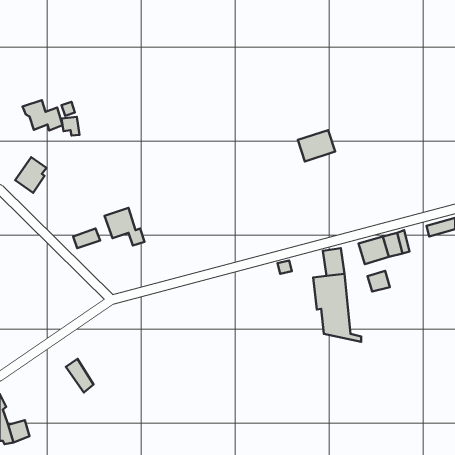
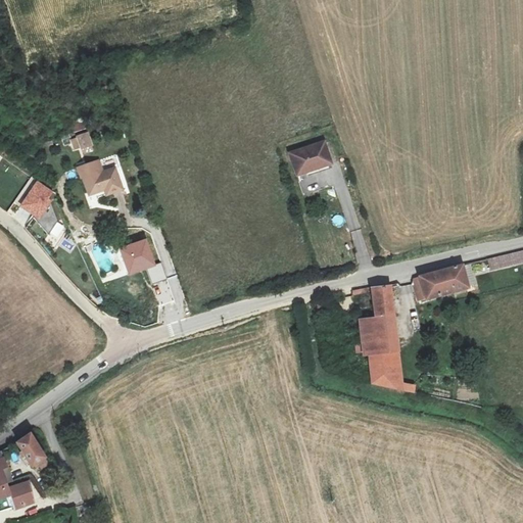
building: [22,100,63,131] -> [76,160,122,195]
building: [298,130,335,161] -> [288,139,331,175]
building: [73,229,100,248] -> none
building: [368,271,390,292] -> none
building: [66,359,94,393] -> [16,432,48,471]

